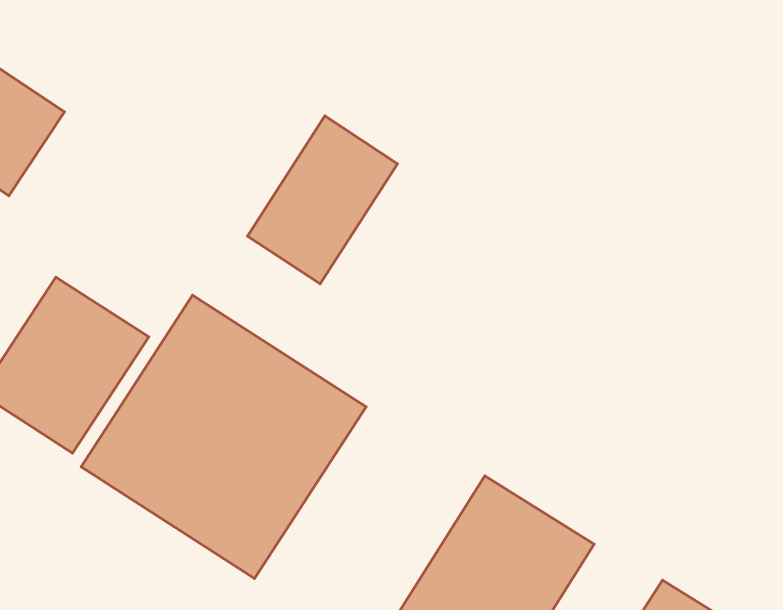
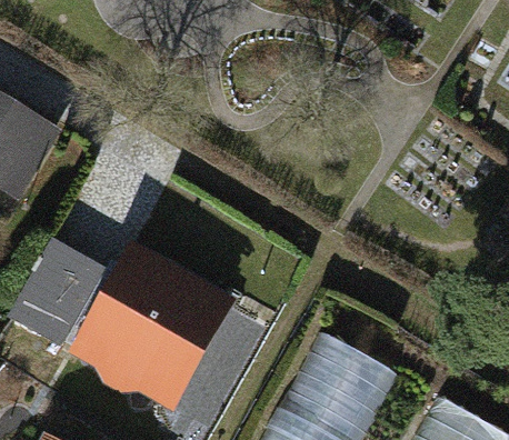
building: [247,116,397,284] -> none

